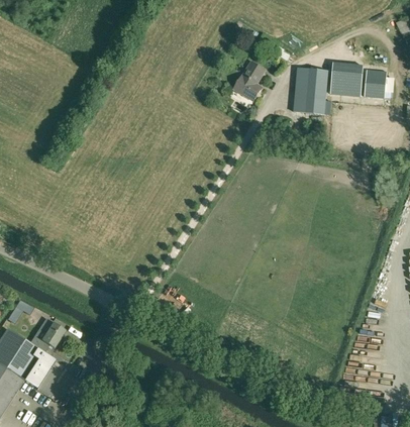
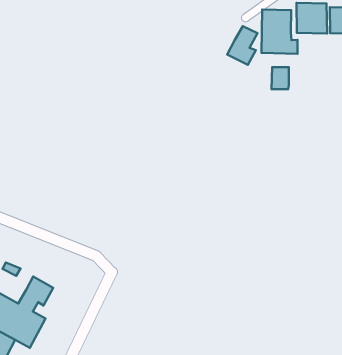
building: [232,61,265,100] -> [227,26,257,65]
building: none -> [272,67,289,89]

